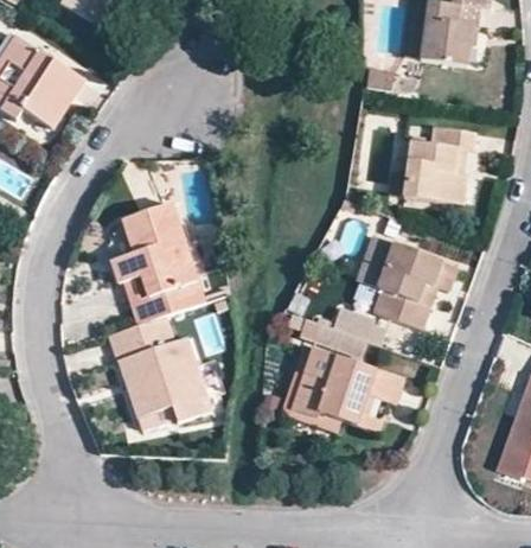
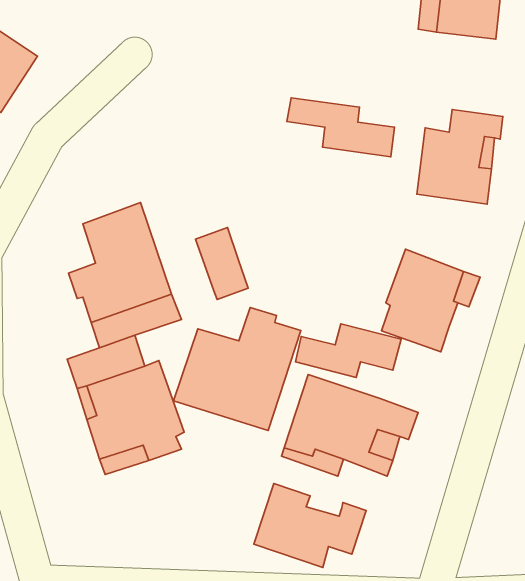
building: none -> [287,98,394,157]
building: none -> [196,227,248,299]
building: none -> [174,308,301,430]
building: none -> [254,483,366,567]

